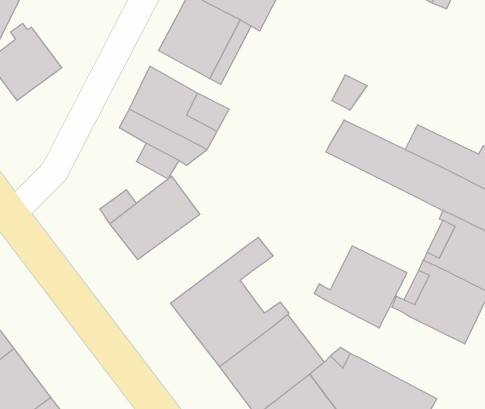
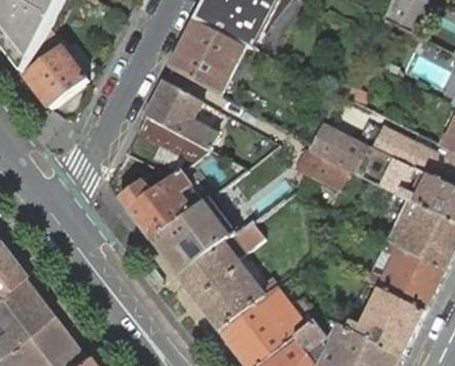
building: none -> [292,146,345,188]
building: none -> [150,192,240,276]
building: [314,246,407,328] -> [347,287,424,356]

